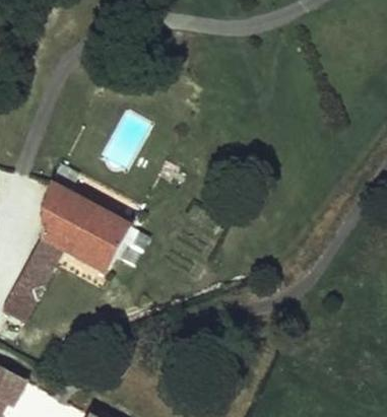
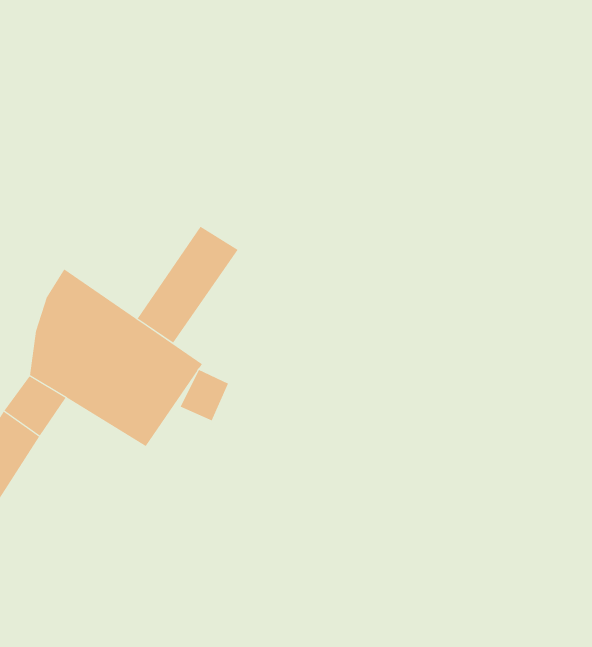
building: none -> [137,226,238,343]

